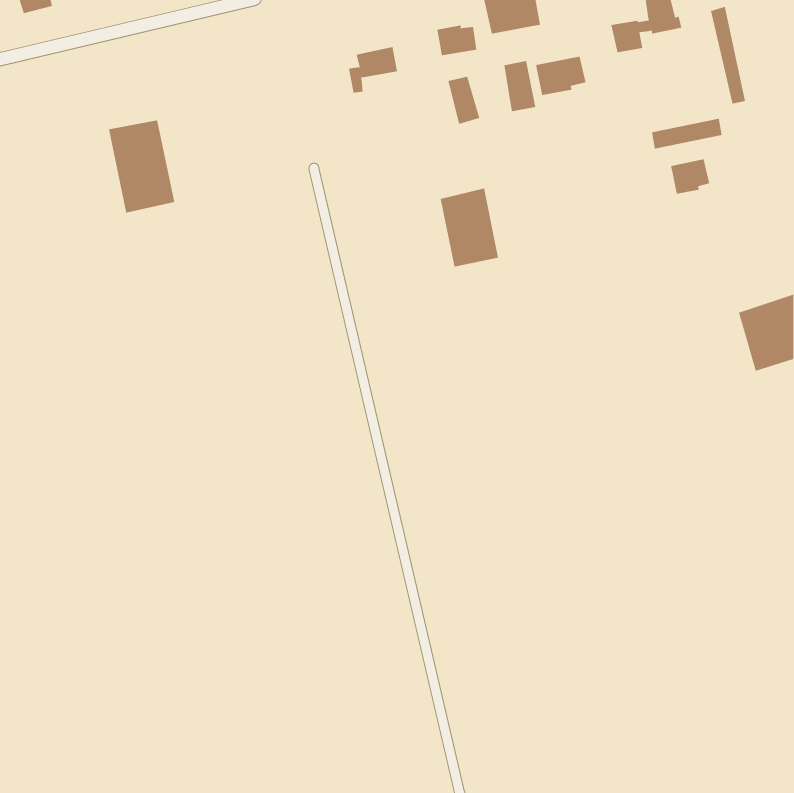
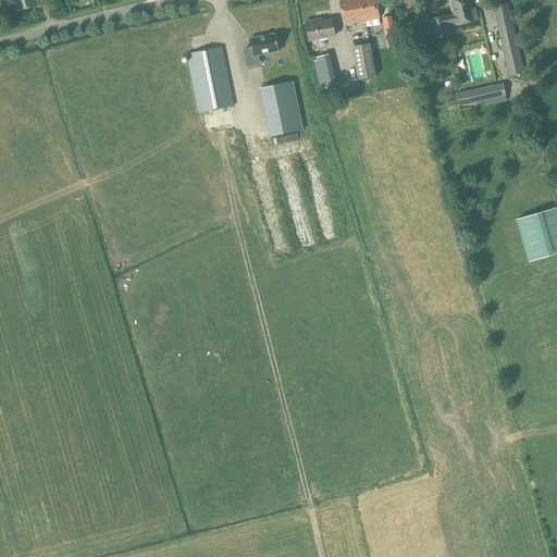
building: [536,56,586,96] -> none
building: [108,120,175,213] -> [186,47,233,112]
building: [670,159,710,195] -> none
building: [440,188,499,267] -> [261,79,302,135]

